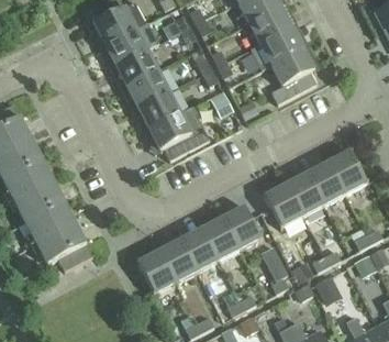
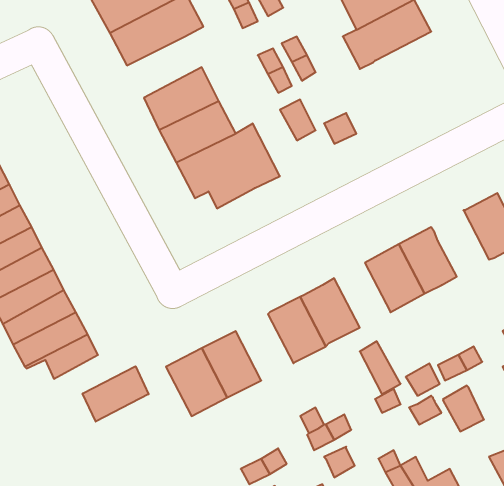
building: [270,46,320,104] -> none
building: [111,49,159,89] -> none
building: [308,162,345,205] -> none
building: [181,229,219,272] -> none
building: none -> [83,366,149,422]

